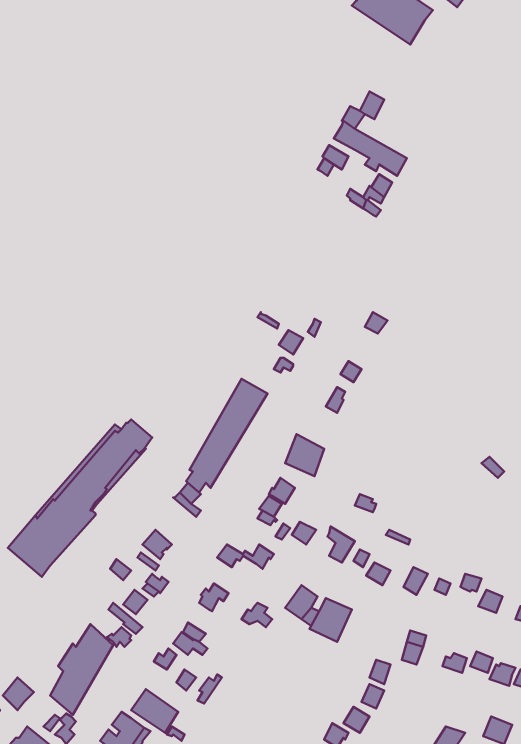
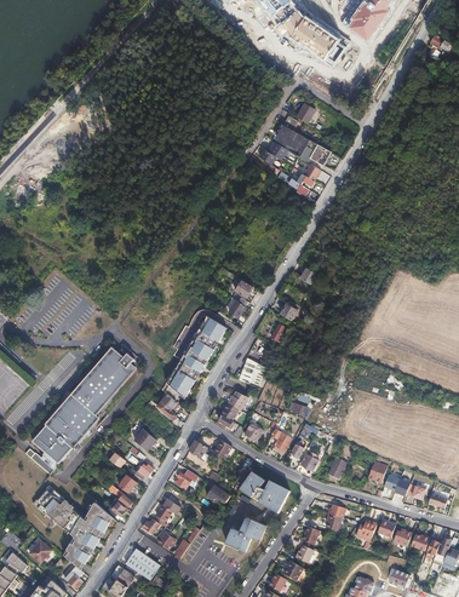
building: none -> [33,483,81,536]
building: none -> [225,517,266,551]

